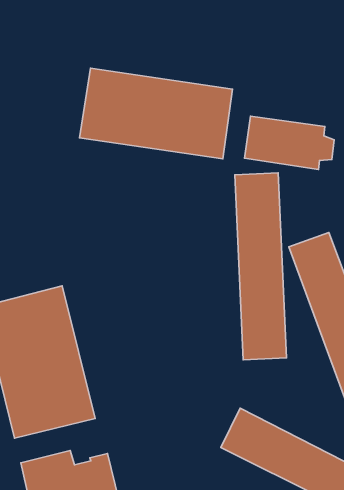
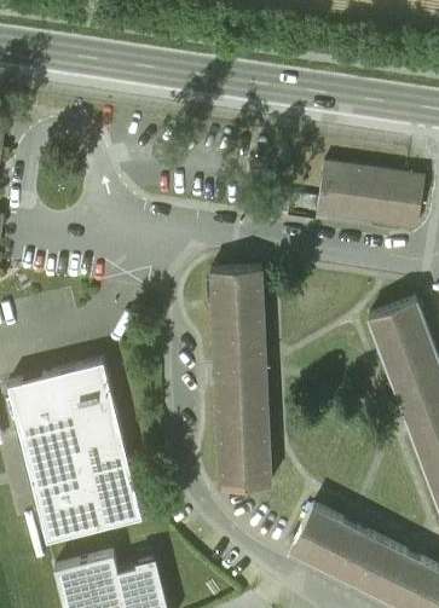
building: [80,68,233,159] -> none
building: [235,173,286,360] -> [209,268,270,488]

